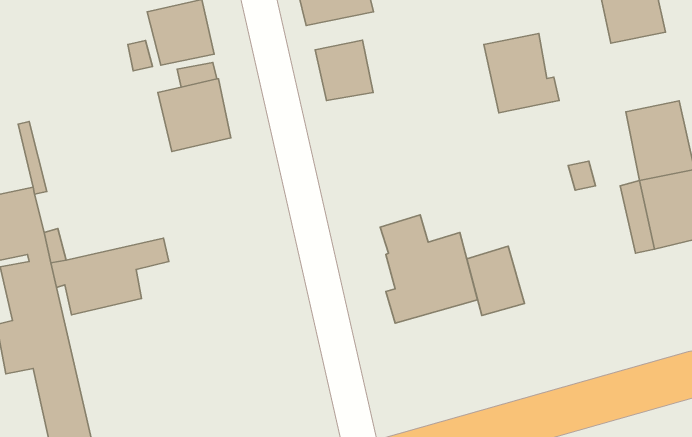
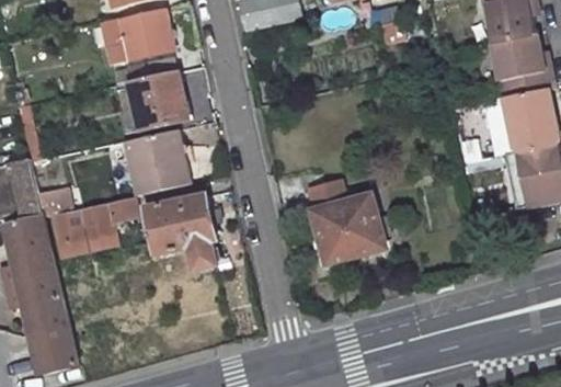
building: [484,33,559,113] -> [491,33,551,96]
building: [315,40,373,101] -> none
building: none -> [124,128,192,196]
building: none -> [145,194,216,270]
building: [467,246,524,316] -> none

